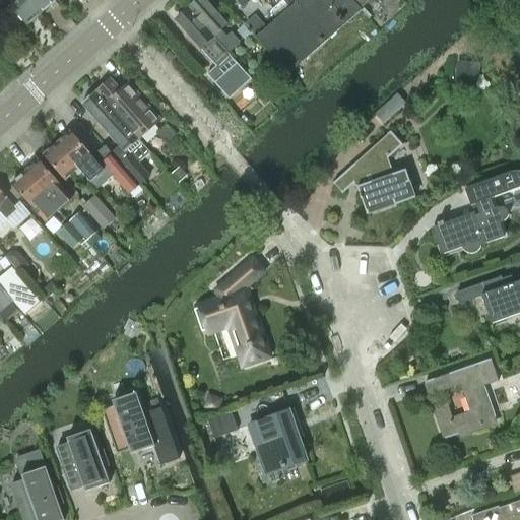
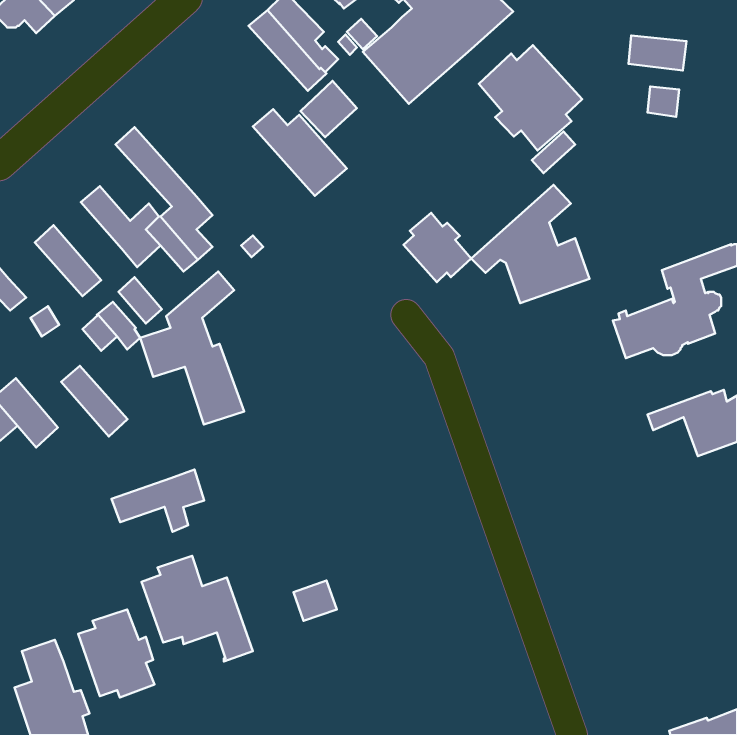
building: none -> [629,35,686,71]
building: none -> [479,45,582,151]
building: [94,77,160,138] -> [253,109,347,196]
building: [44,142,85,181] -> none
building: none -> [404,213,471,282]
building: [11,171,58,220] -> [61,366,127,437]
building: [196,257,269,365] -> [140,271,244,425]
building: none -> [111,469,204,532]
building: [424,358,497,437] -> none
building: [248,407,305,472] -> none

